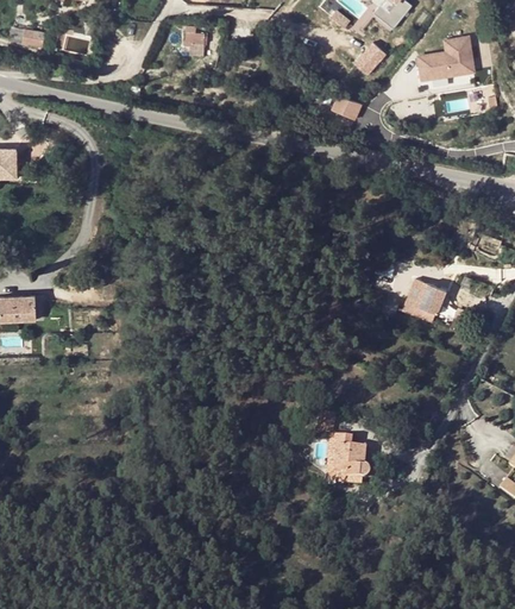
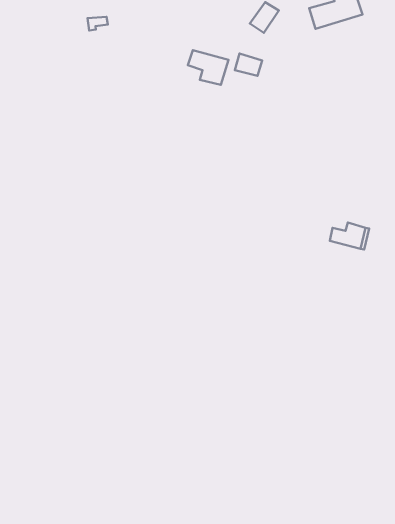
building: none -> [188,50,228,85]
building: [332,439,370,481] -> none

